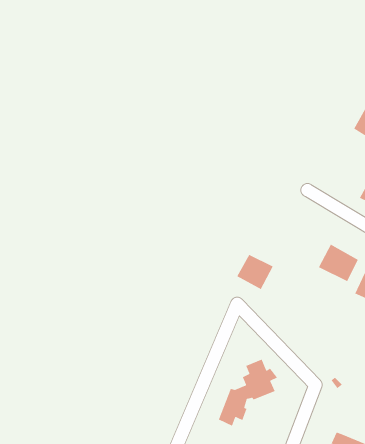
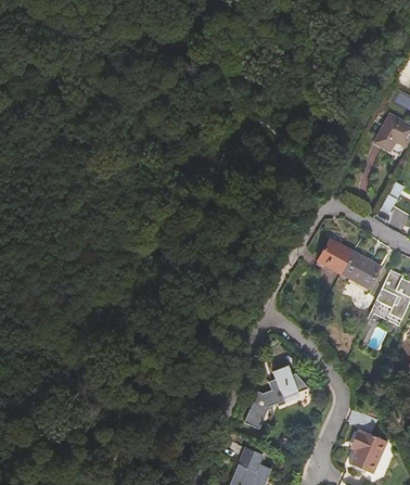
building: [236,254,274,290] -> [317,240,353,275]

